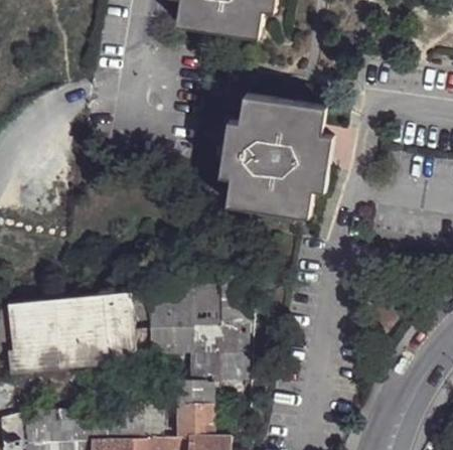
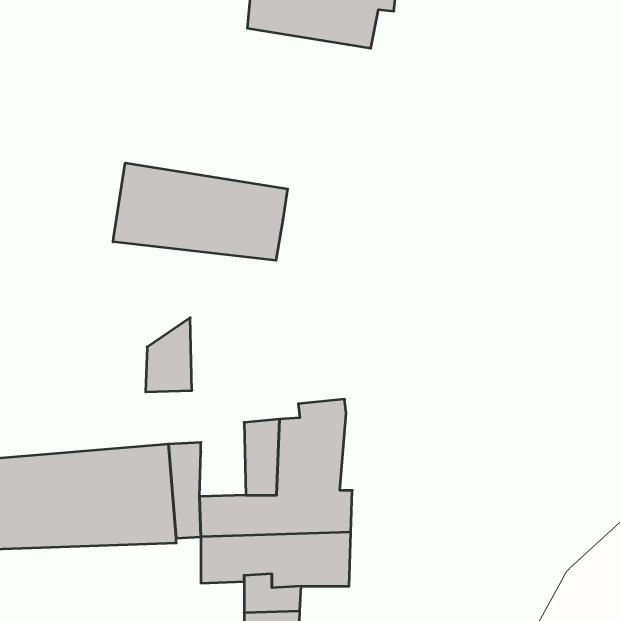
building: [217,94,330,213] -> none
building: none -> [113,163,288,260]
building: [148,281,178,329] -> [146,318,192,392]

